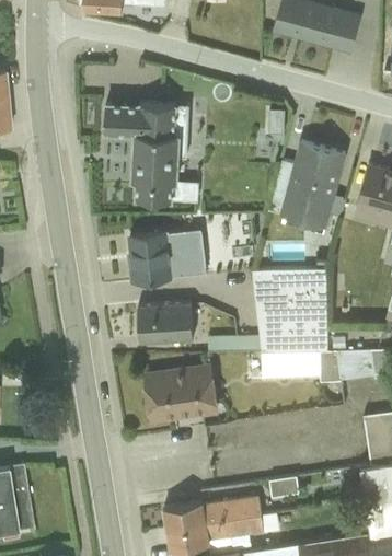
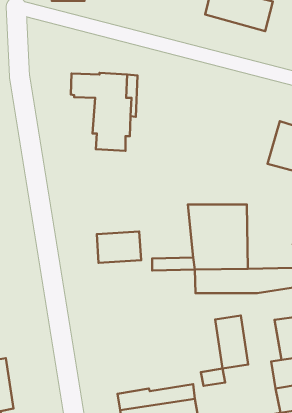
building: [269,141,346,235] -> none
building: [130,230,206,281] -> none
building: [146,366,219,421] -> none
building: none -> [215,315,248,369]

